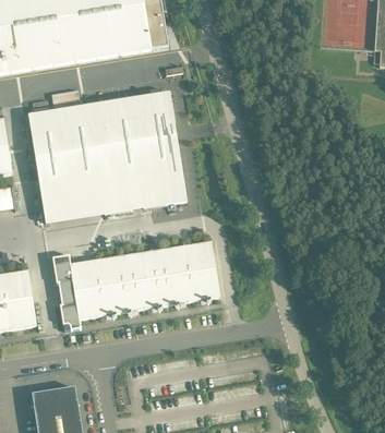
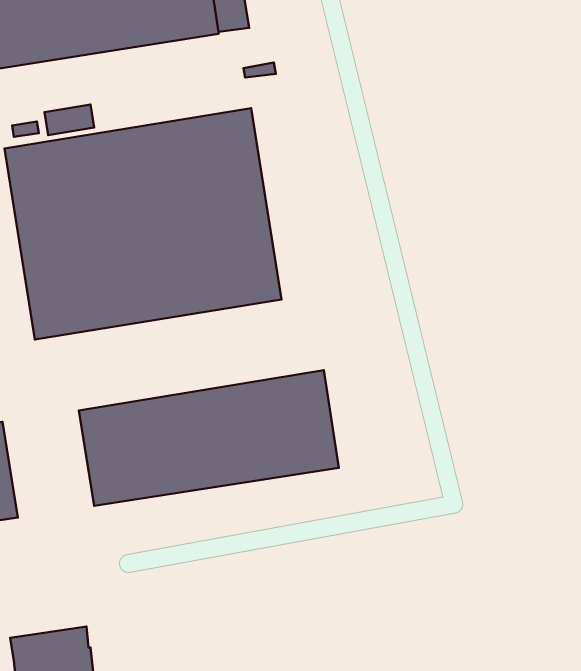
building: [52,253,81,328] -> none

